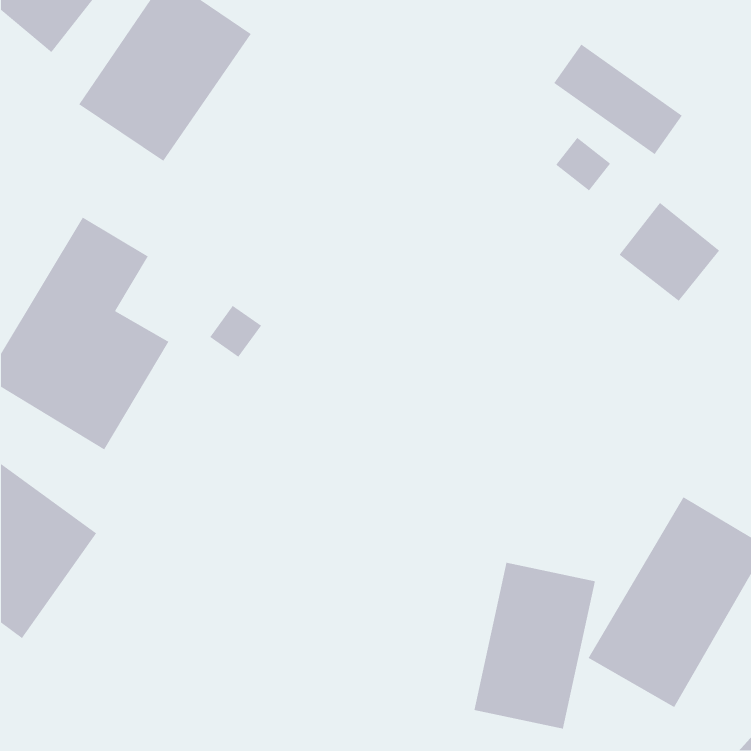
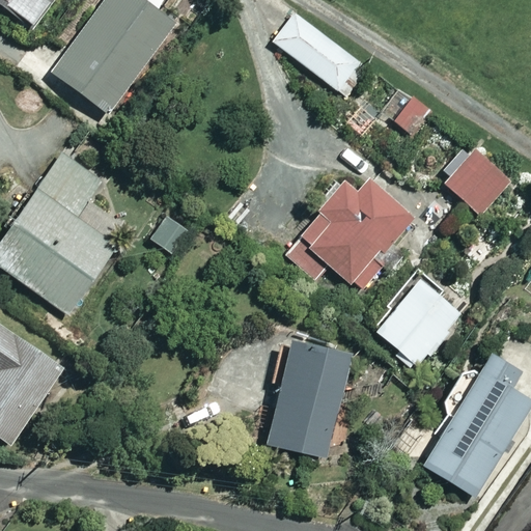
building: [553,43,683,155] -> [271,11,362,90]
building: none -> [279,172,410,290]
building: none -> [368,273,459,364]
building: [474,562,596,730] -> [262,334,348,452]

